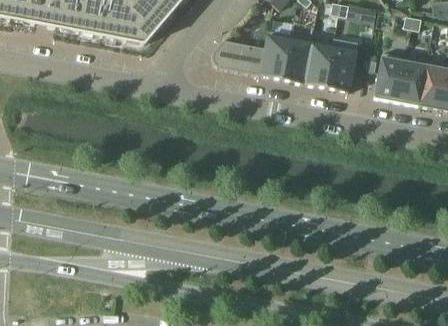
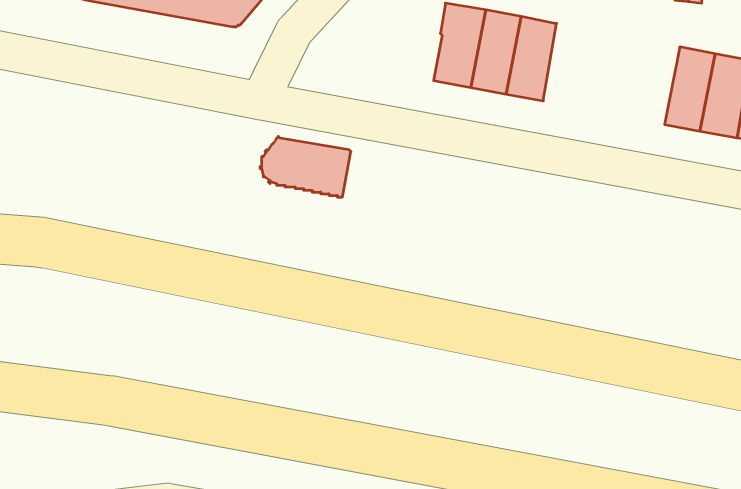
building: [325,37,358,92] -> none
building: [211,40,265,76] -> [260,136,351,197]
building: [374,52,406,102] -> none

